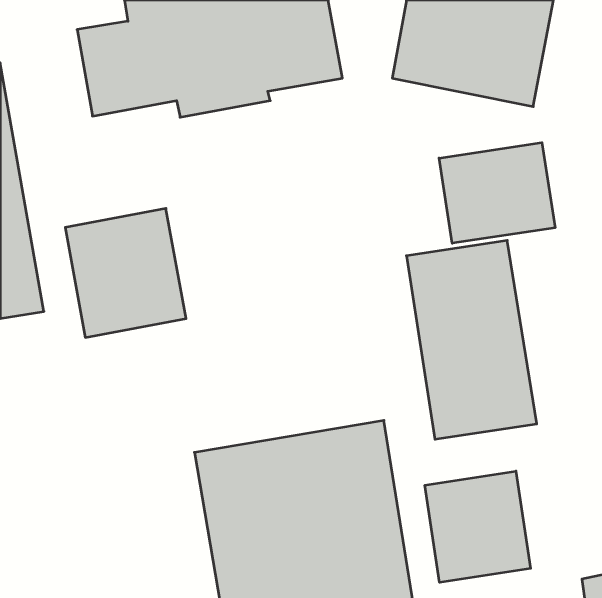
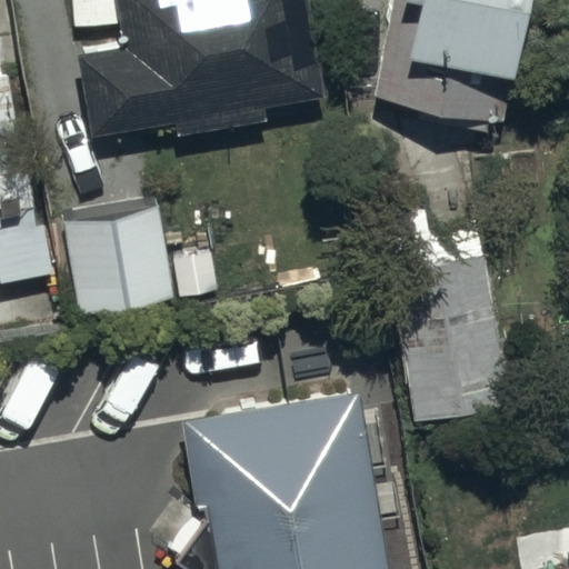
building: [439,143,555,243] -> none
building: [425,471,531,582] -> none

